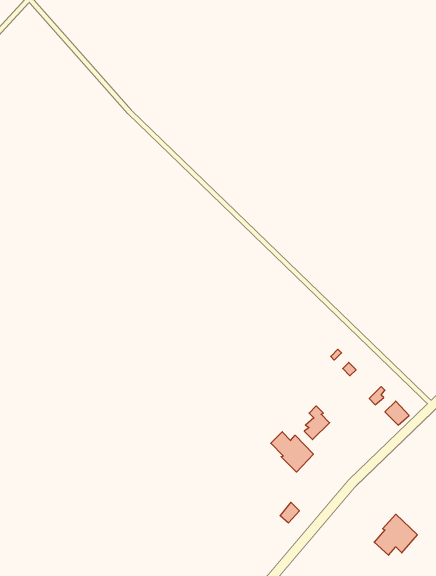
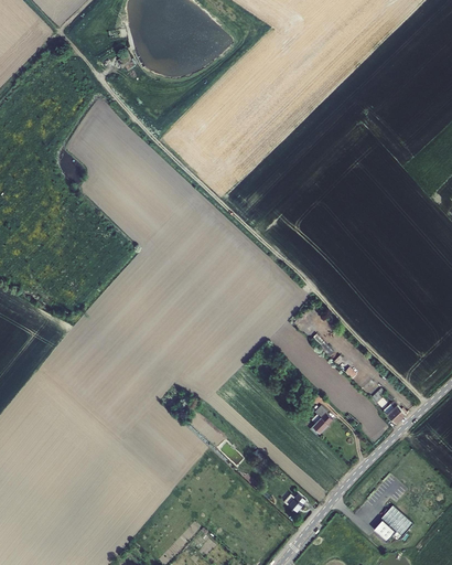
building: [271,432,313,472] -> none

